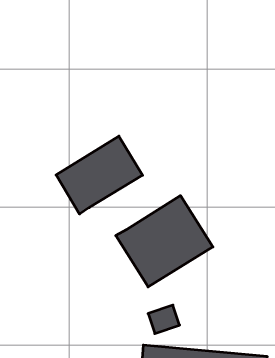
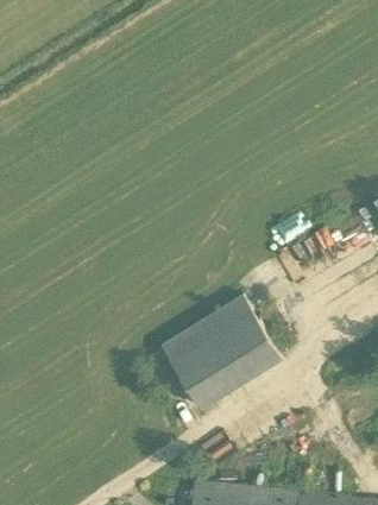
building: [56,136,143,214] -> none

